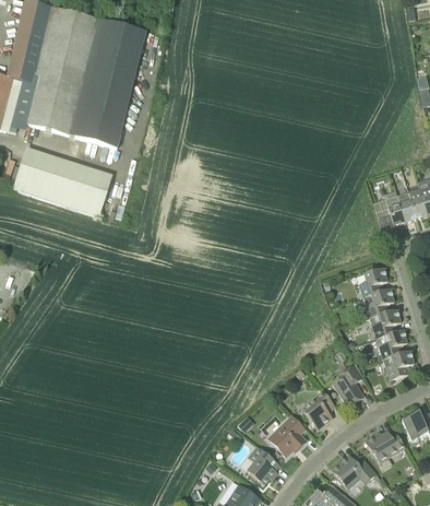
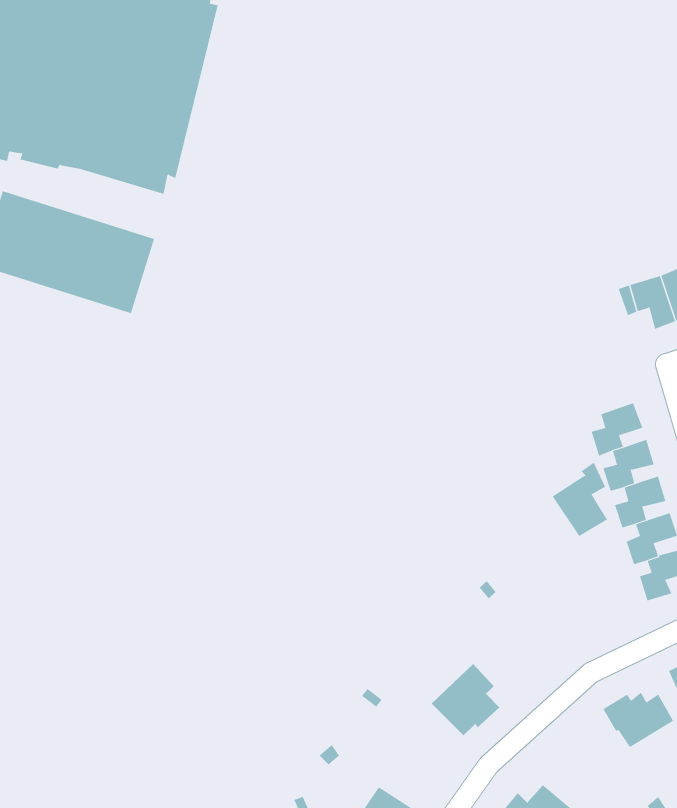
building: [332,363,363,405] -> [552,462,608,537]
building: [303,390,335,429] -> none
building: [247,446,279,484] -> none
building: [332,454,375,489] -> none

